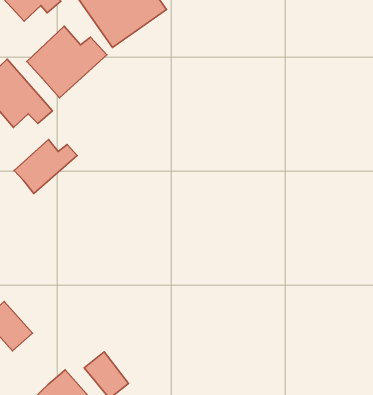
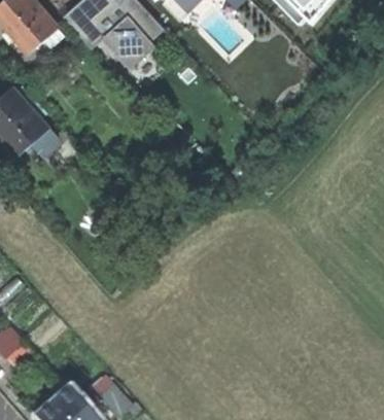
building: [27,26,107,98] -> none
building: [14,140,77,193] -> none

